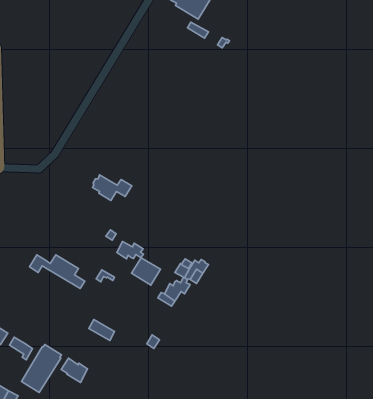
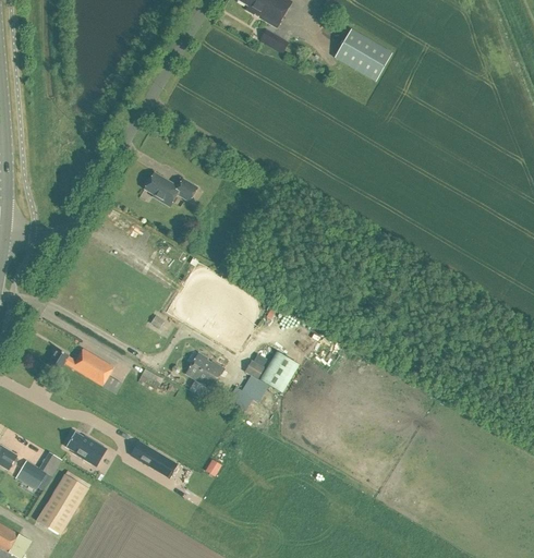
building: none -> [332,27,391,82]
building: [92,175,132,200] -> [143,171,196,206]
building: [117,241,143,259] -> none
building: [61,358,88,382] -> [64,430,100,463]

